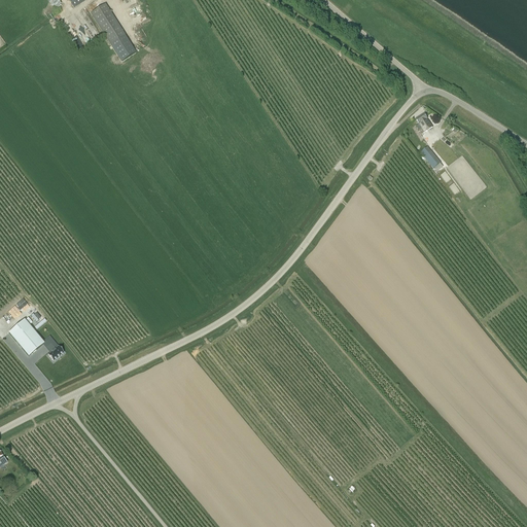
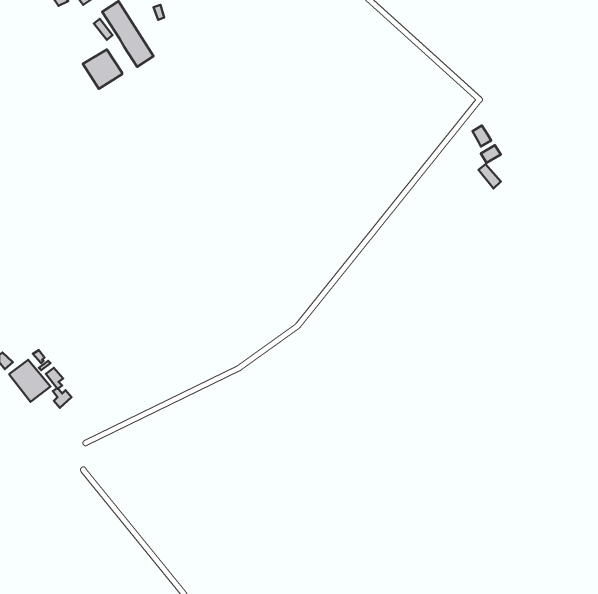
building: none -> [83,50,122,89]

